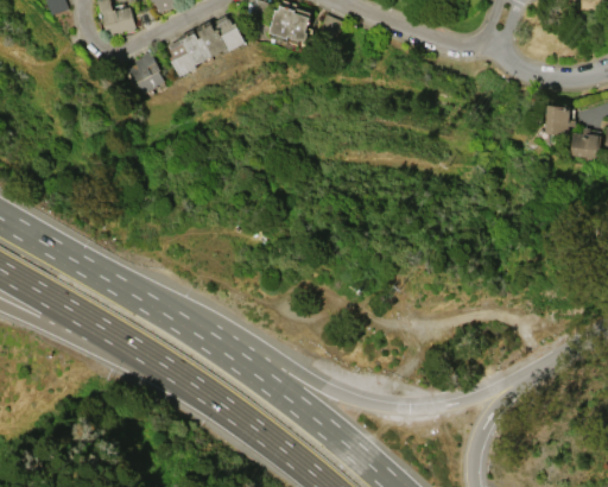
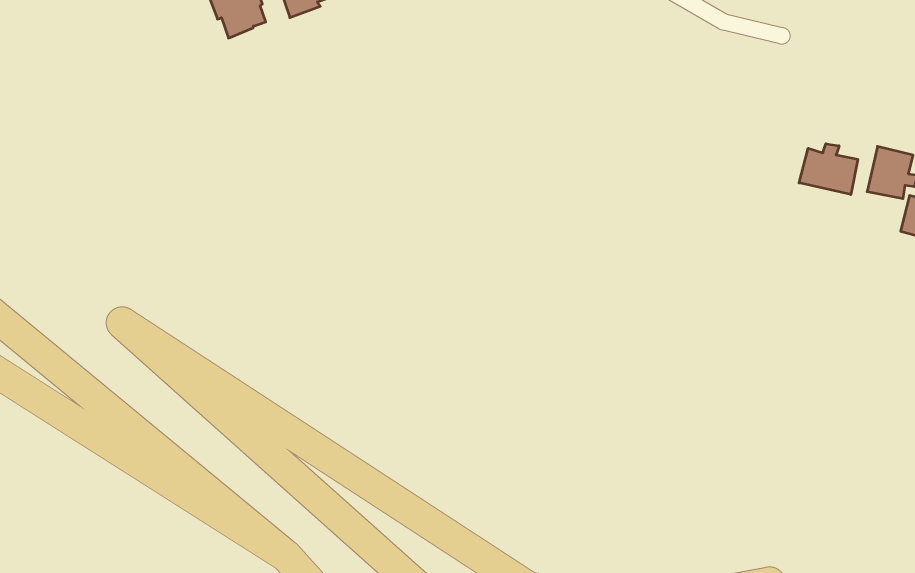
building: none -> [799,144,858,195]

